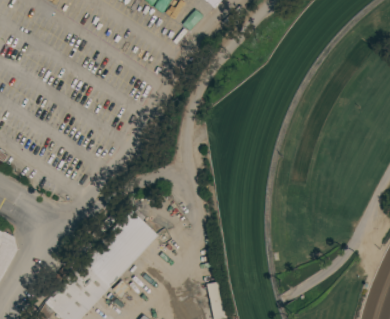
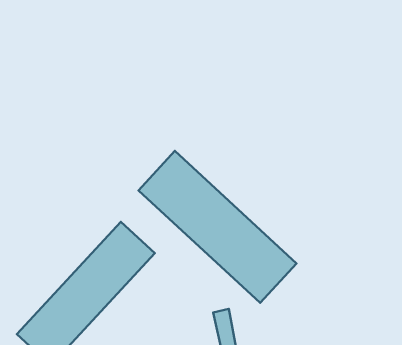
building: none -> [138,151,297,303]

